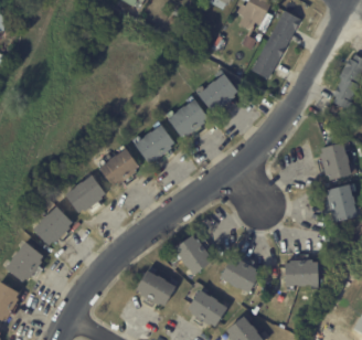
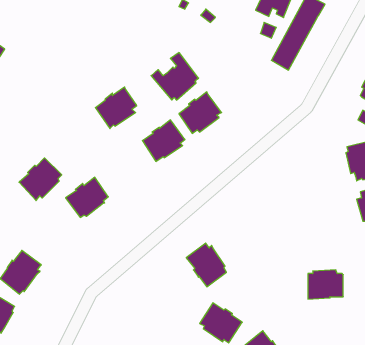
building: [193,66,236,109] -> [151,53,199,100]
building: [99,148,137,185] -> [95,87,137,129]
building: [33,206,72,245] -> [19,158,62,201]
building: [221,256,258,291] -> none
building: [136,270,174,307] -> none

